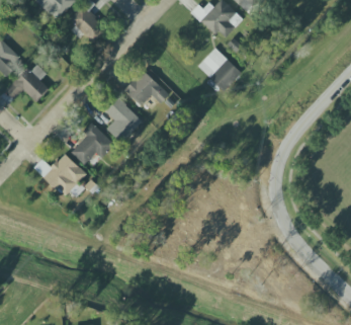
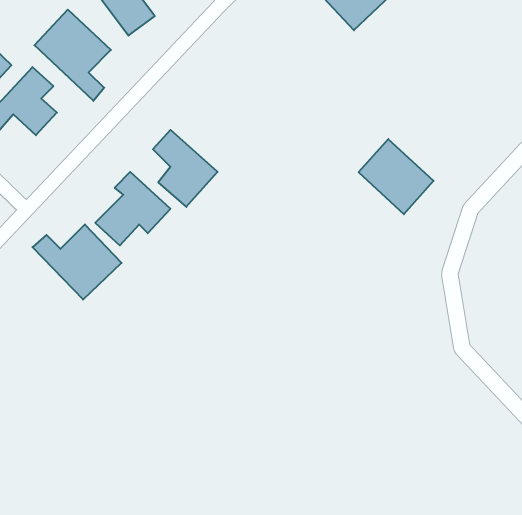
building: none -> [34,10,111,101]
building: [197,48,241,91] -> [359,139,434,214]
building: [120,70,168,109] -> none

